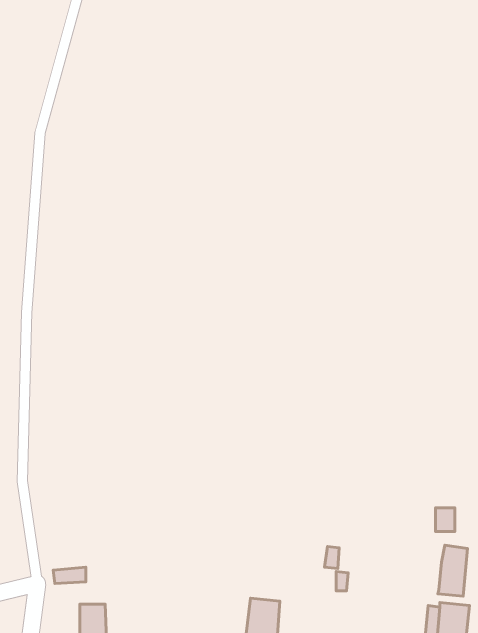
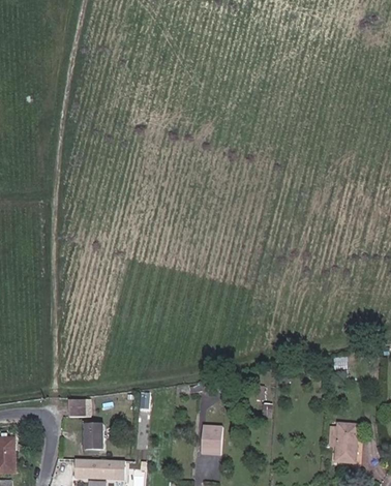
building: [438,545,467,596] -> none

